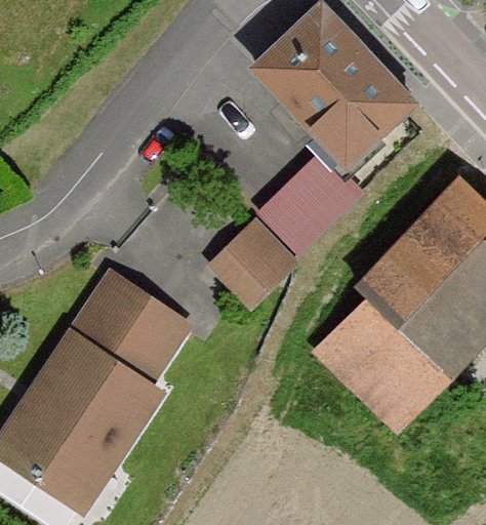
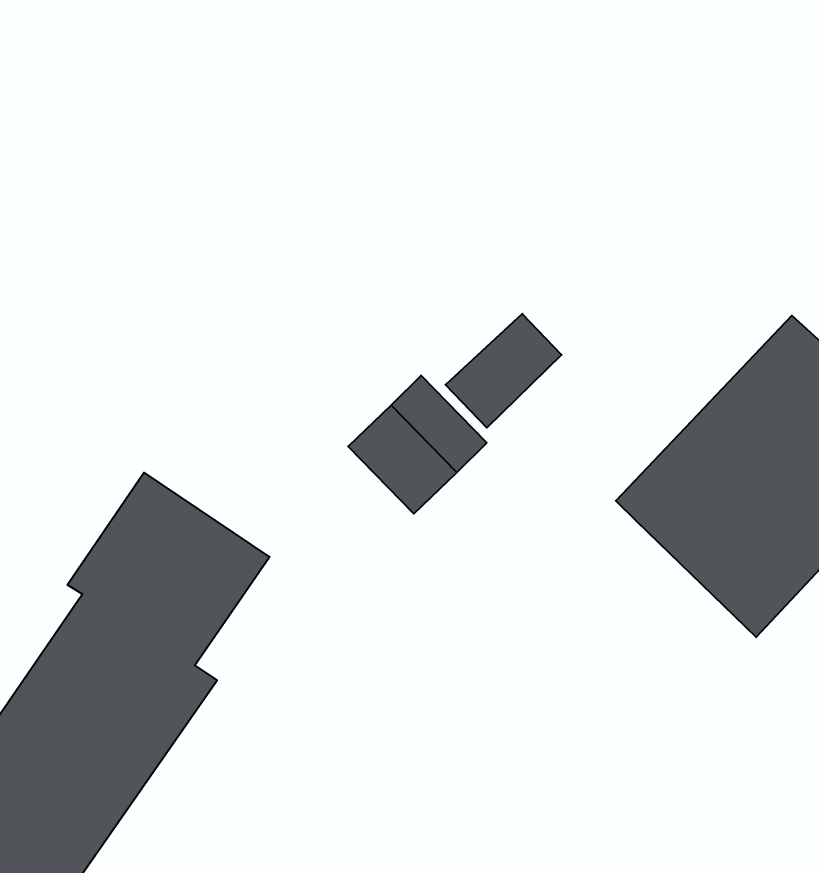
building: [261,18,398,156] -> none
building: [322,298,458,425] -> none

